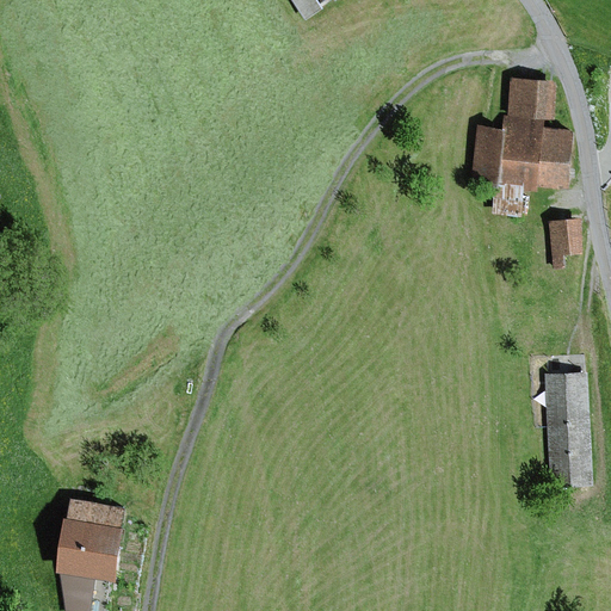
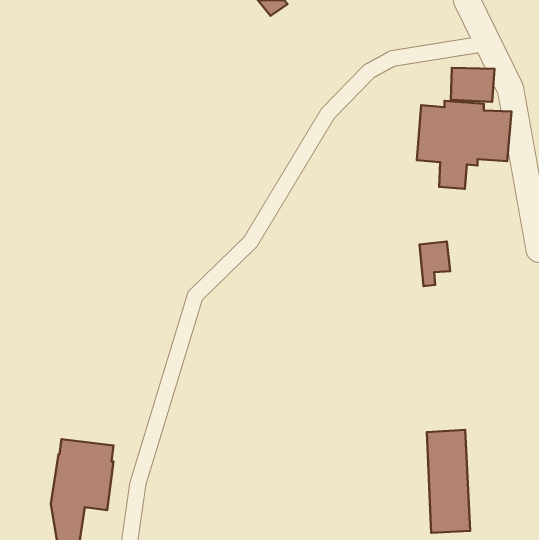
building: [548,220,582,270] -> [419,241,450,286]
building: [543,372,592,488] -> [427,430,470,533]

